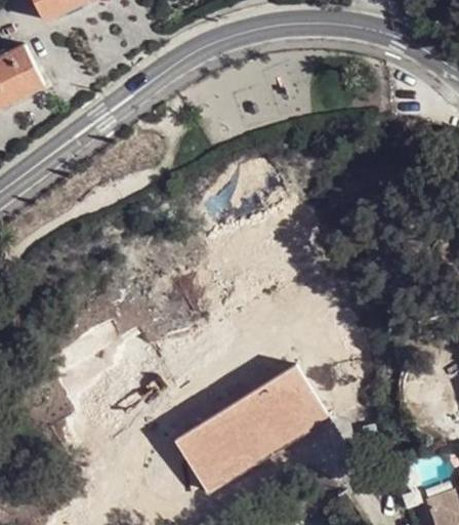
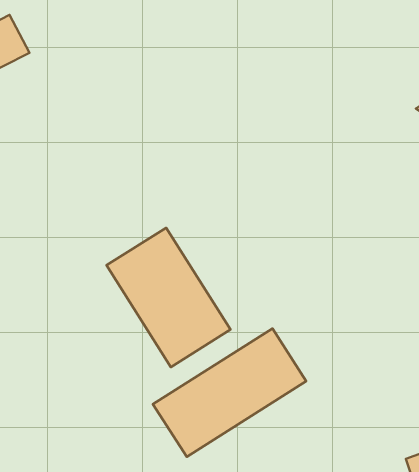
building: none -> [106,228,231,367]

